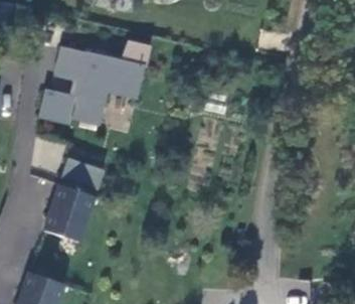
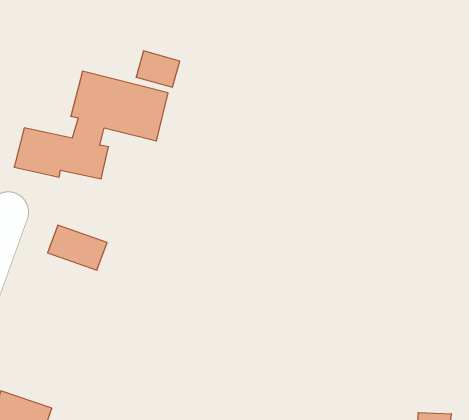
building: [53,45,84,83] -> none
building: [43,184,95,242] -> none

